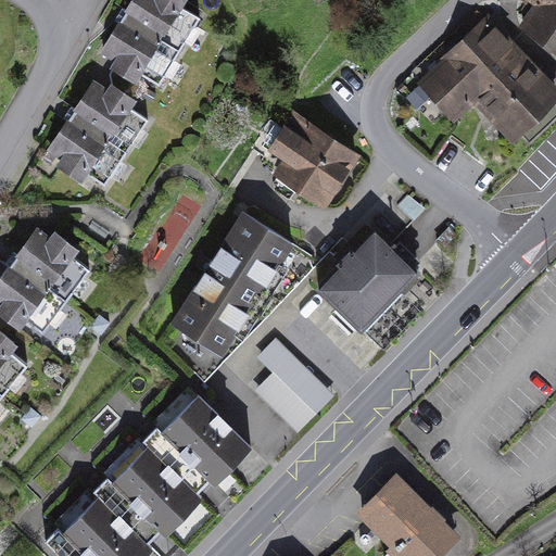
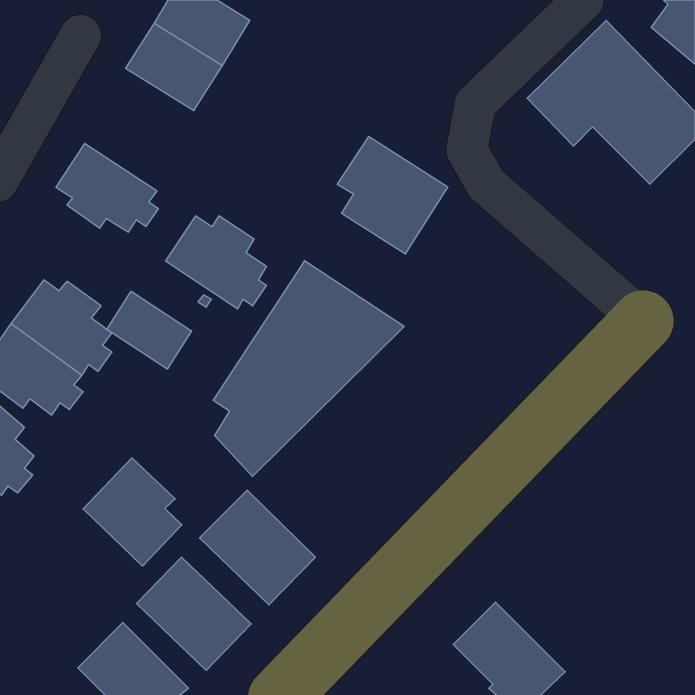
building: [67,80,148,154] -> [165,216,267,309]
building: [320,230,415,325] -> none
building: none -> [107,291,192,369]
building: [253,341,327,429] -> none
building: none -> [83,458,182,566]

